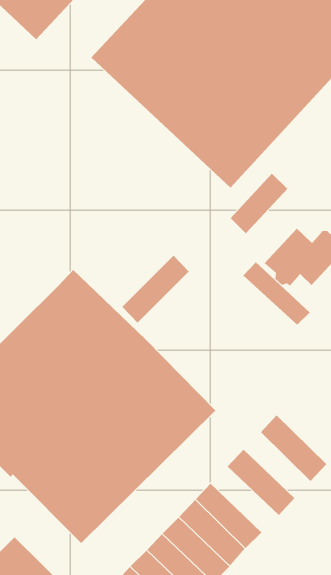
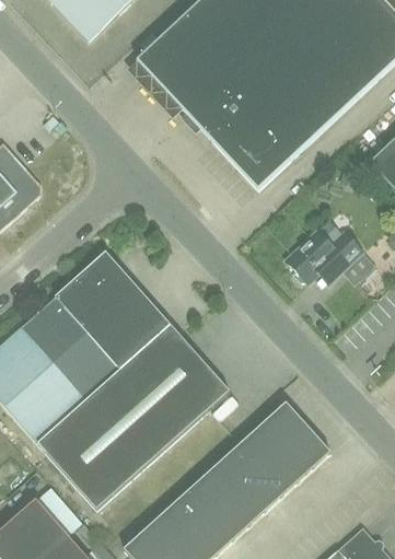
building: [230,173,288,234] -> none
building: [122,255,190,323] -> none
building: [243,262,310,325] -> none
building: none -> [253,417,313,480]
building: none -> [220,446,281,510]

